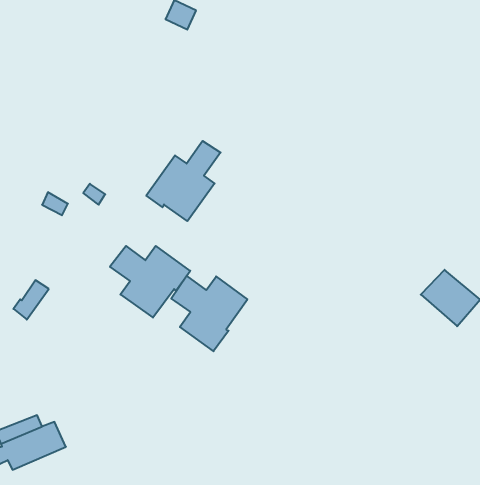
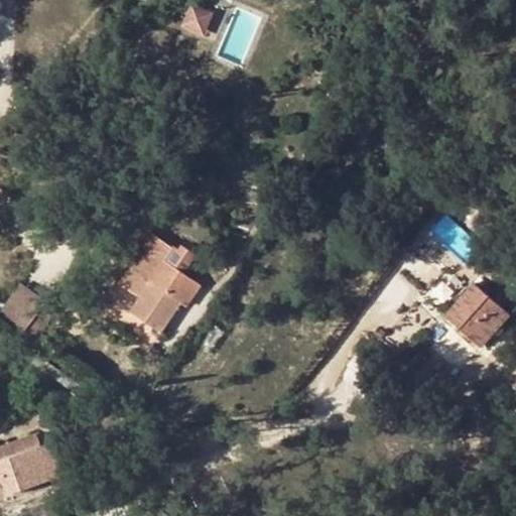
building: [146,141,221,221] -> none
building: none -> [137,232,172,274]
building: [171,276,247,351] -> none

